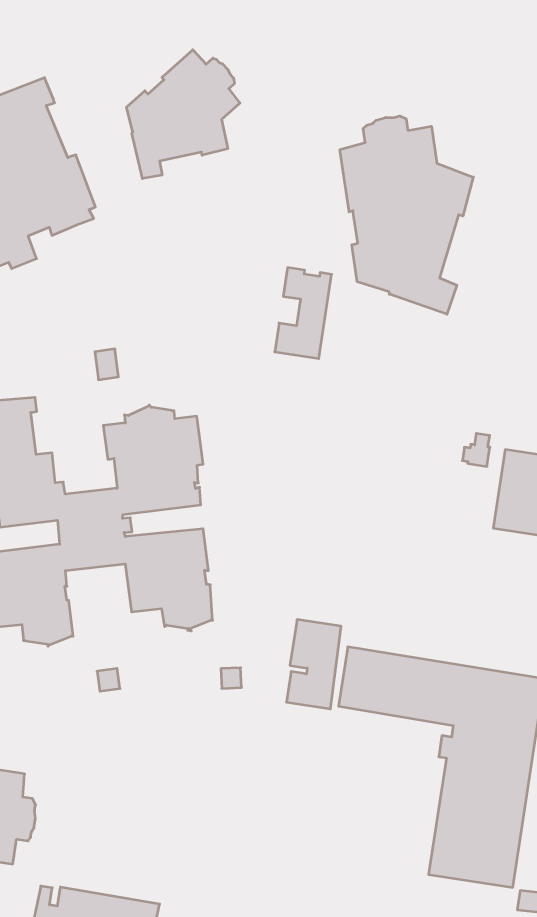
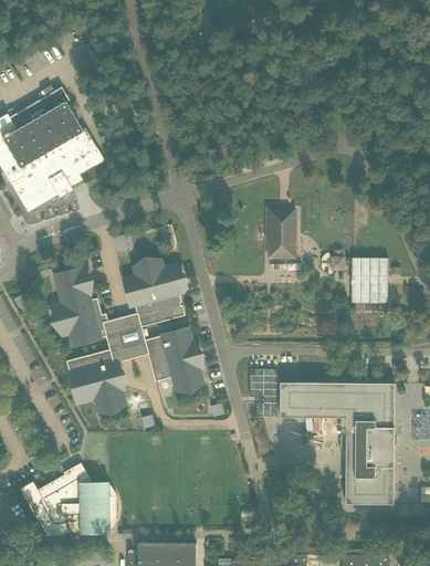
building: [127,50,240,179] -> none
building: [340,116,473,314] -> none
building: [275,268,332,359] -> [269,208,294,256]

